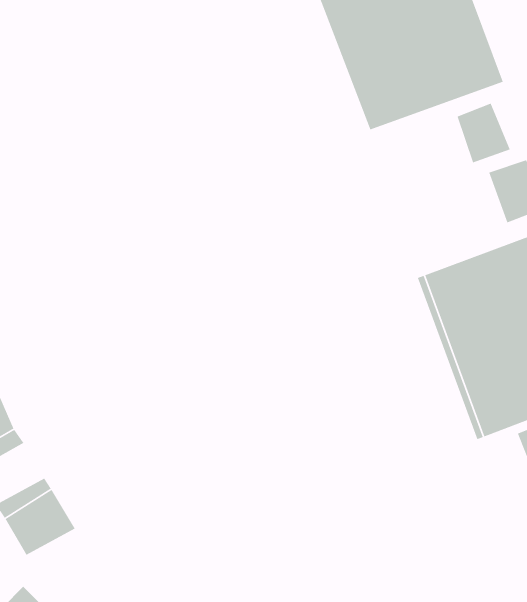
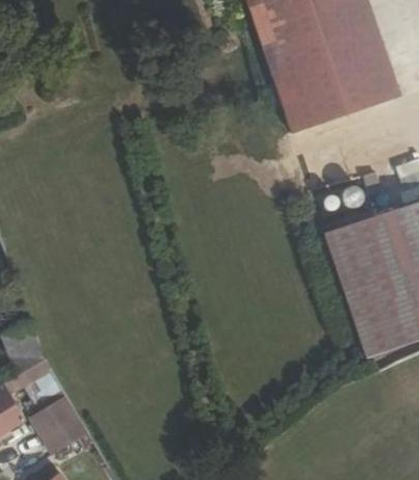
building: [457,103,511,163] -> none

